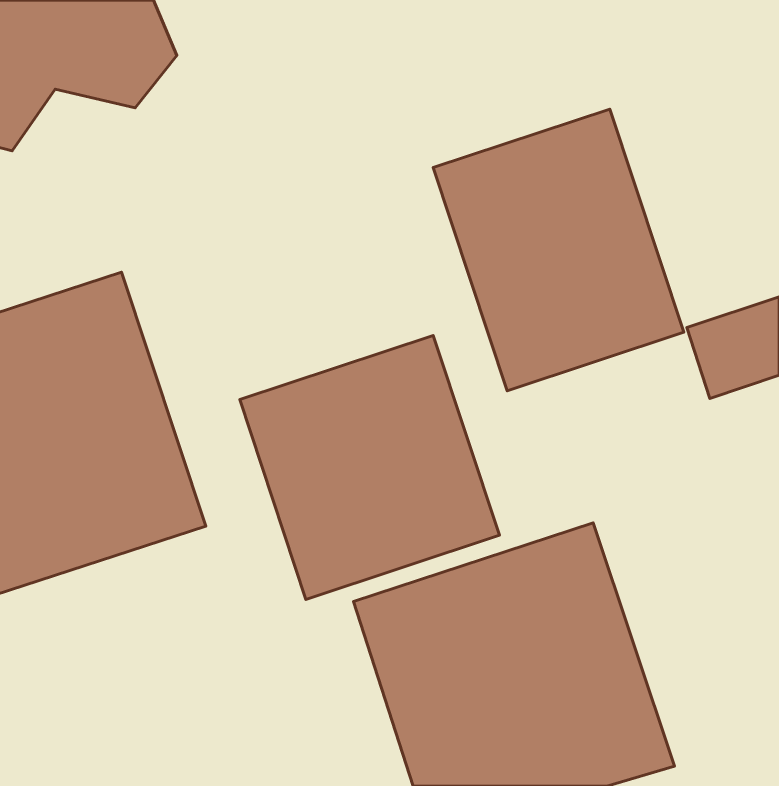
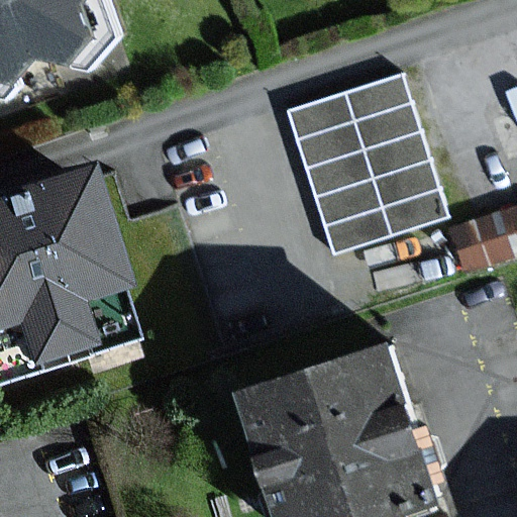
building: [240,335,499,599] -> none

